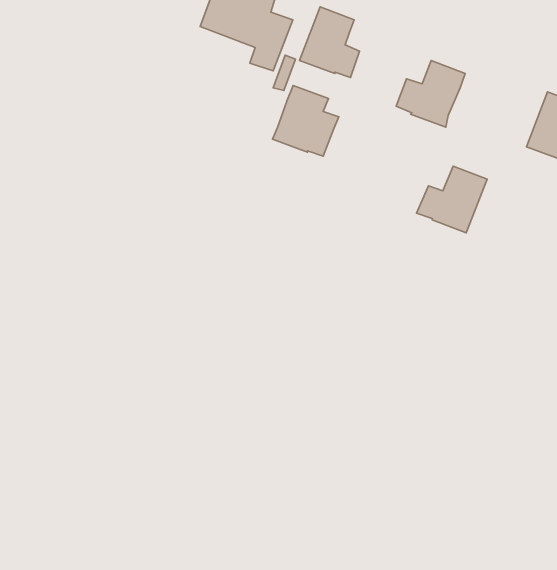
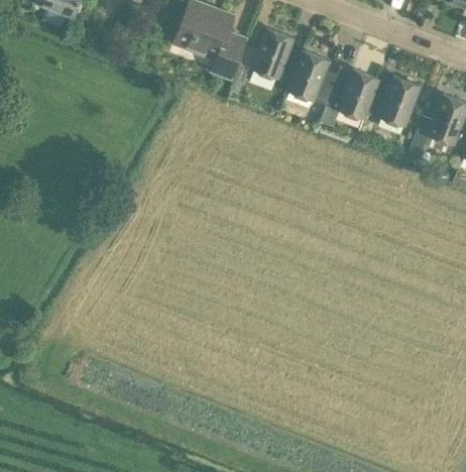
building: [272,86,339,156] -> [285,50,337,105]
building: [417,166,487,233] -> [365,76,420,127]

